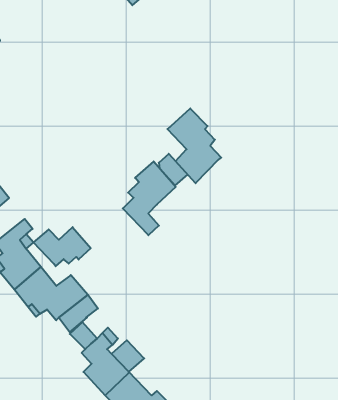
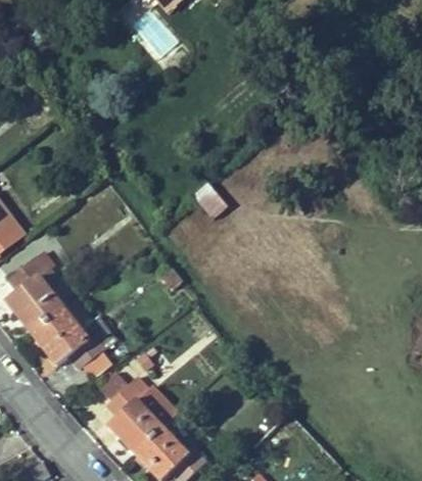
building: [167,108,221,183] -> none
building: [123,161,176,235] -> none
building: [34,227,91,266] -> none

